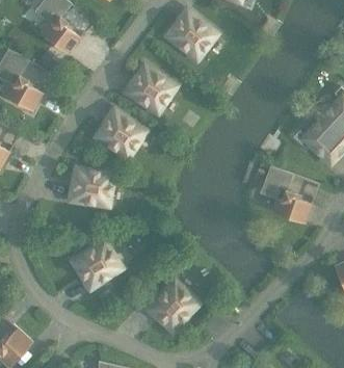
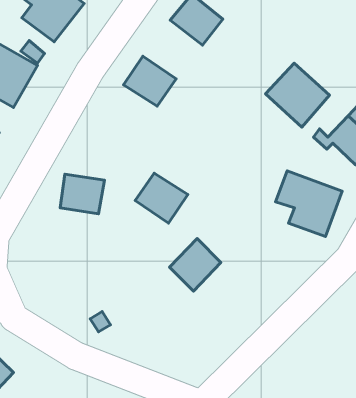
building: none -> [266,63,330,127]
building: [95,112,140,156] -> [135,173,188,223]
building: [71,242,116,286] -> none
building: [148,283,192,328] -> [170,239,221,291]

